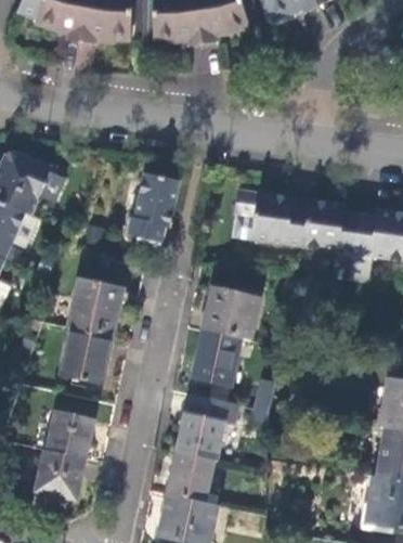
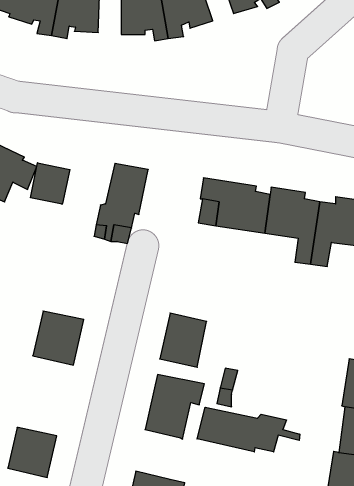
building: none -> [31,163,70,204]
building: [67,280,123,336] -> none
building: [203,288,260,340] -> none
building: [44,410,93,457] -> none
building: none -> [197,407,300,452]
building: [167,451,213,503] -> none

